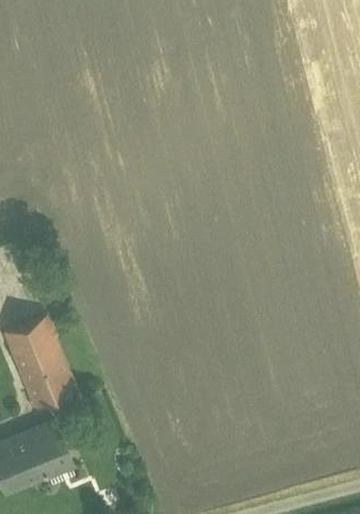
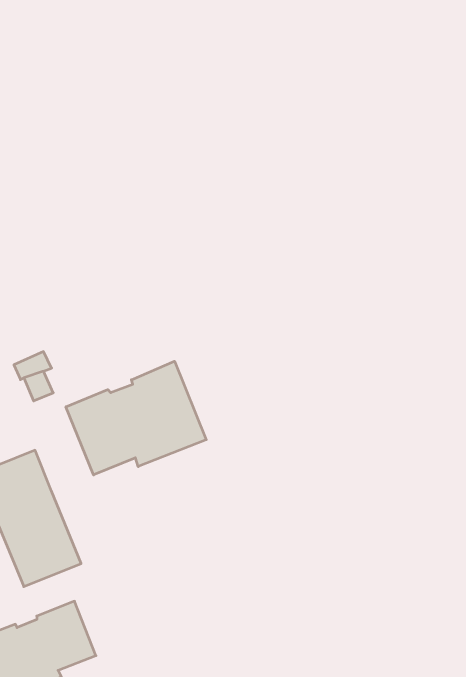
building: none -> [66,361,206,475]

